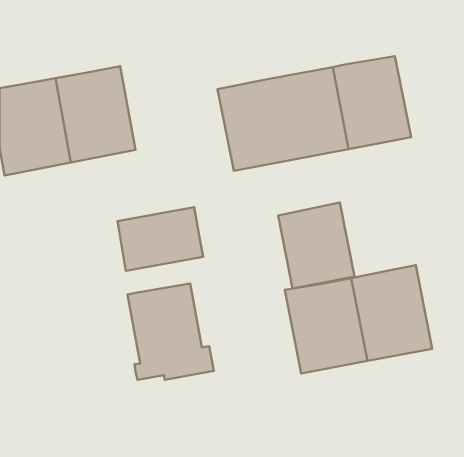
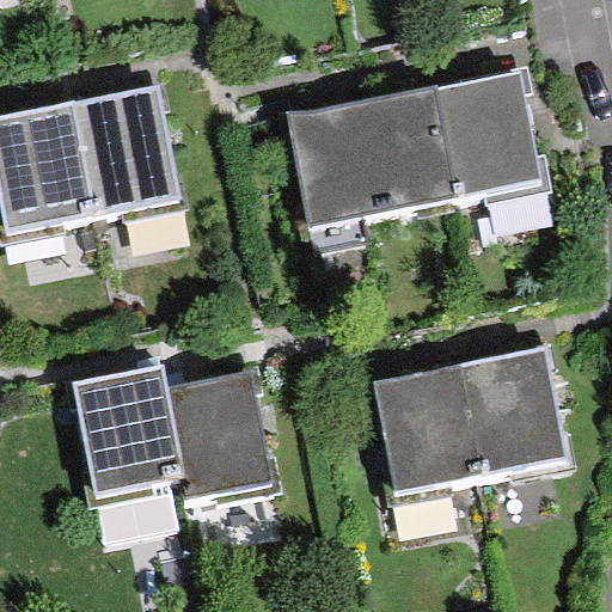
building: [278,203,355,289] -> none
building: [118,207,203,271] -> none
building: none -> [73,366,184,506]

